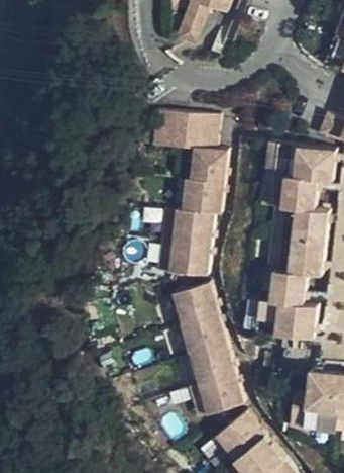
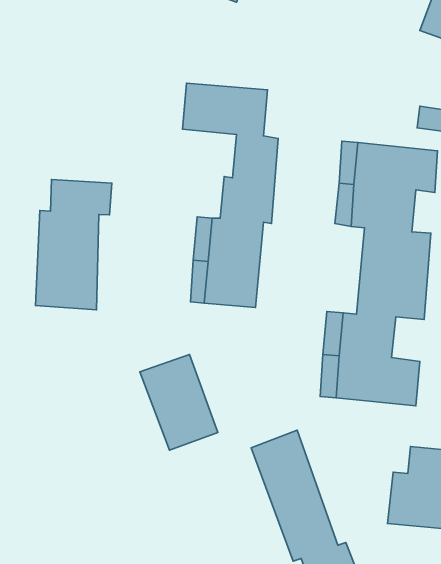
building: none -> [35,180,112,310]
building: [175,290,233,362] -> [140,354,218,450]

